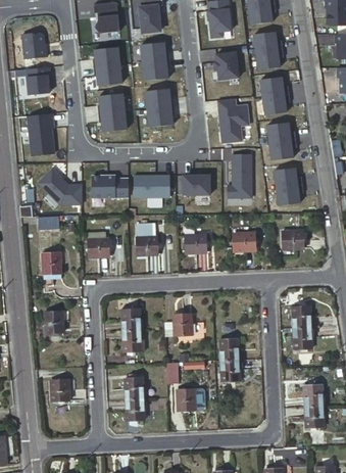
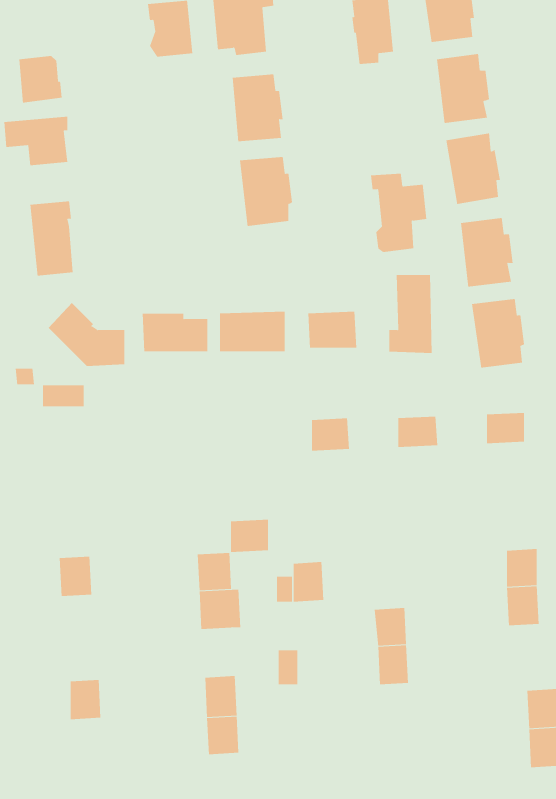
building: [93,47,121,86] -> none
building: [214,52,239,80] -> none
building: [98,94,127,132] -> none
building: [136,236,157,254] -> [230,519,269,552]
building: [87,238,109,256] -> none
building: [42,252,60,275] -> none
building: [178,389,195,412] -> none

